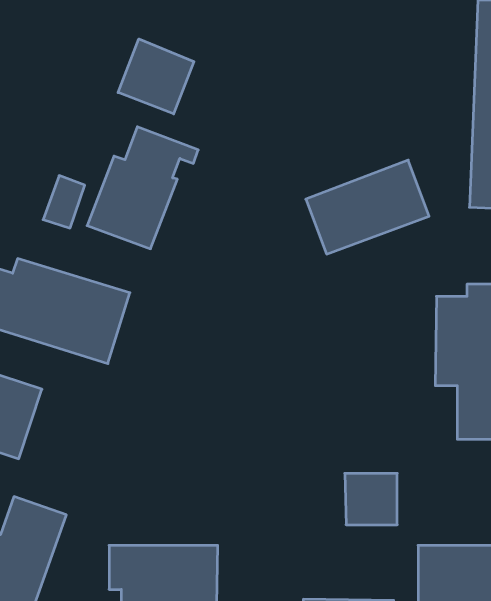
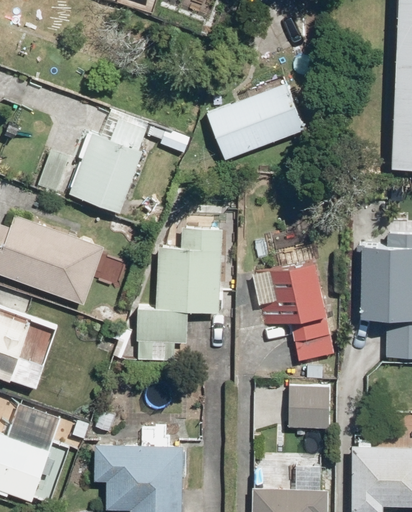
building: [118,39,194,114] -> none
building: [306,160,429,254] -> [205,84,306,161]
building: none -> [141,208,232,356]
building: none -> [248,261,331,364]

